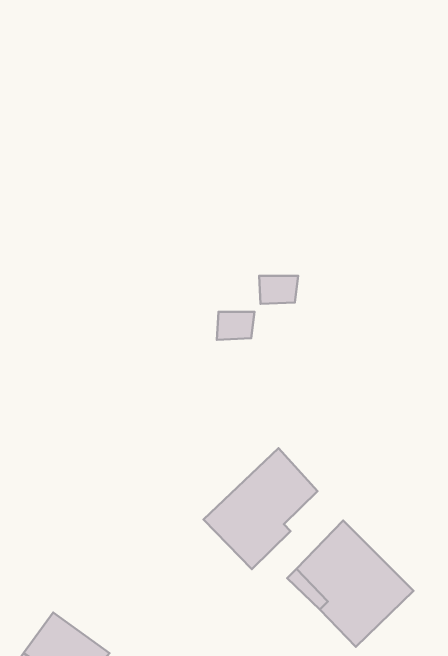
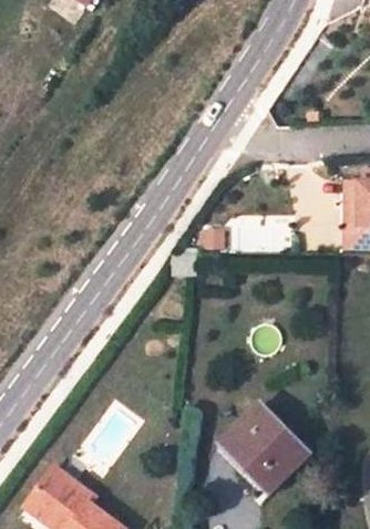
building: [204,448,317,569] -> none

